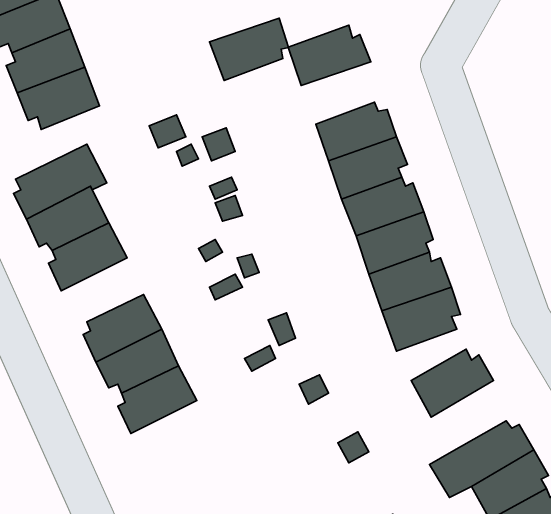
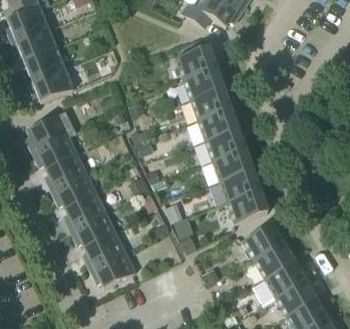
building: [210,18,288,80] -> [183,65,226,99]
building: none -> [51,173,96,208]
building: none -> [254,240,297,279]
building: none -> [89,251,135,287]

